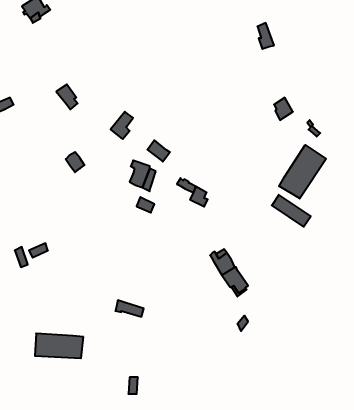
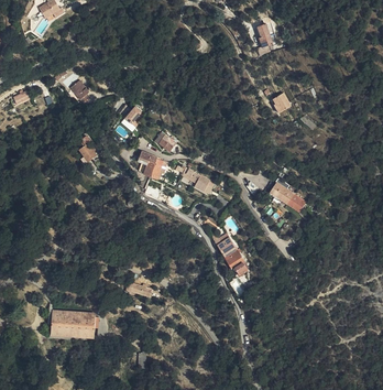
building: [279,145,326,199] -> none

